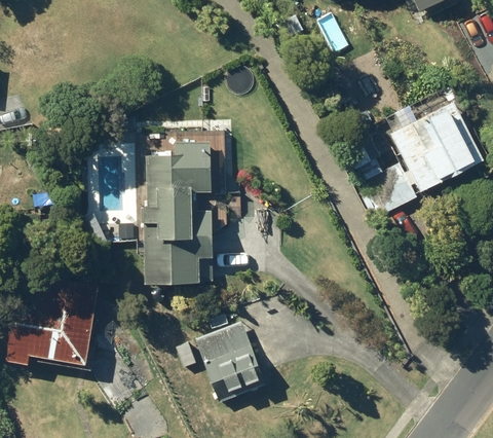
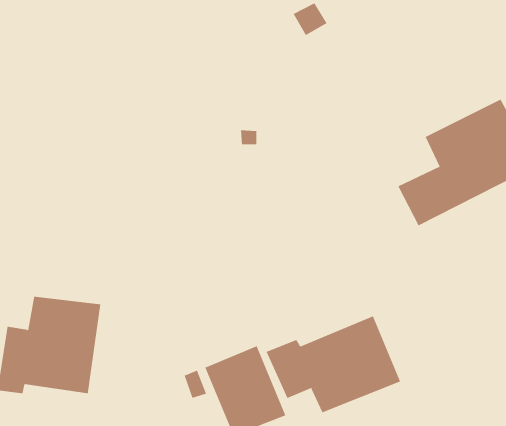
building: [142,141,214,283] -> none
building: none -> [266,315,401,413]

